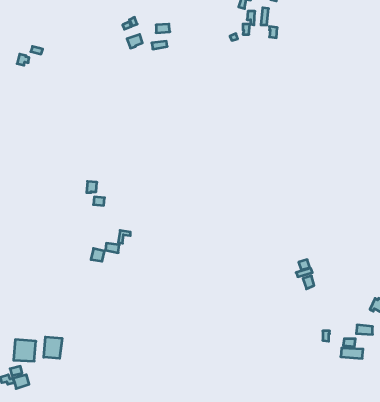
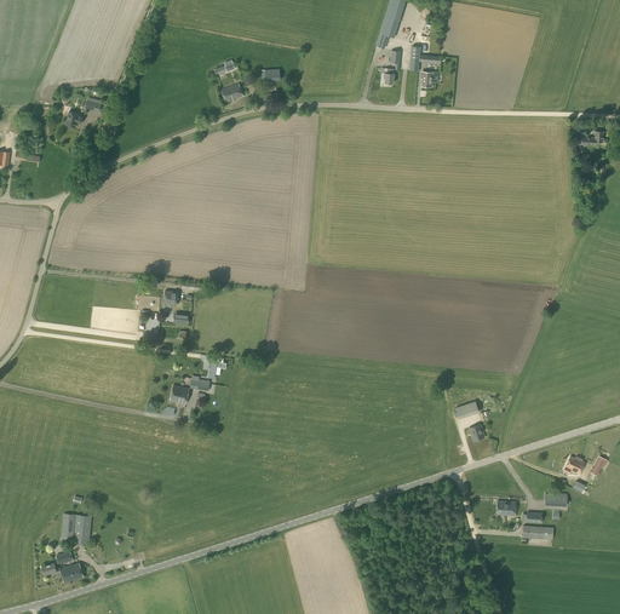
building: [44,337,62,358] -> none

